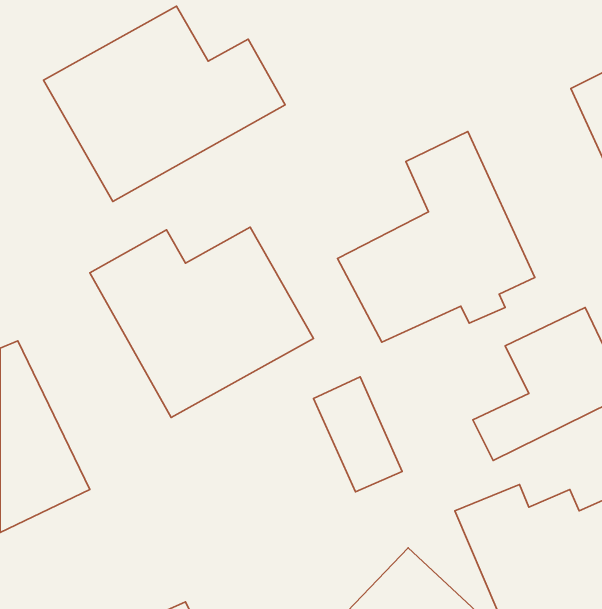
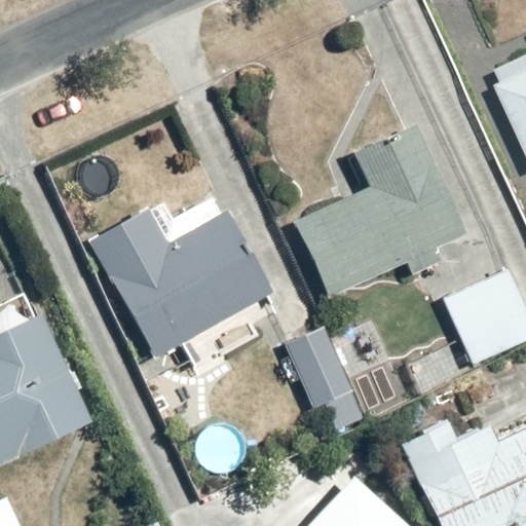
building: [44,6,285,201] -> none

